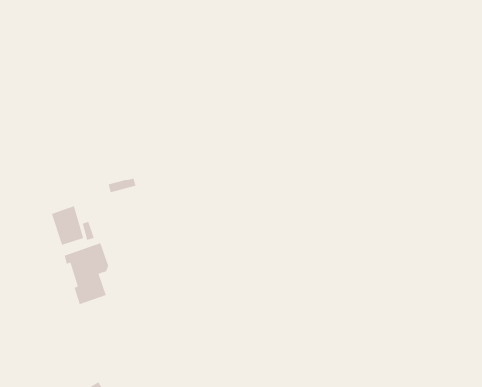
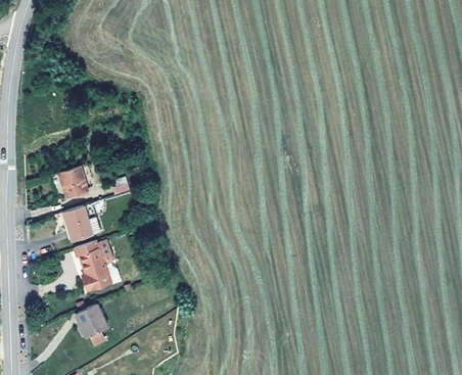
building: none -> [58,166,87,196]
building: none -> [75,302,107,335]

